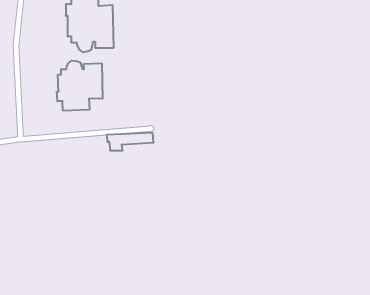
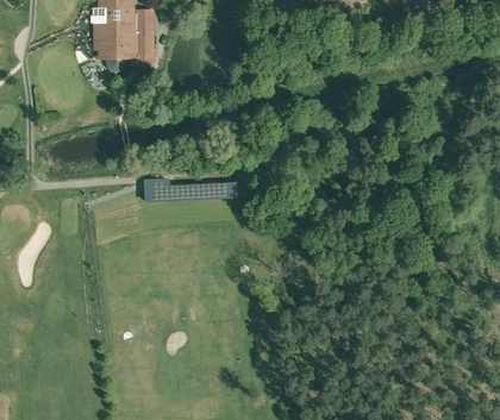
building: [57,61,103,111] -> none

